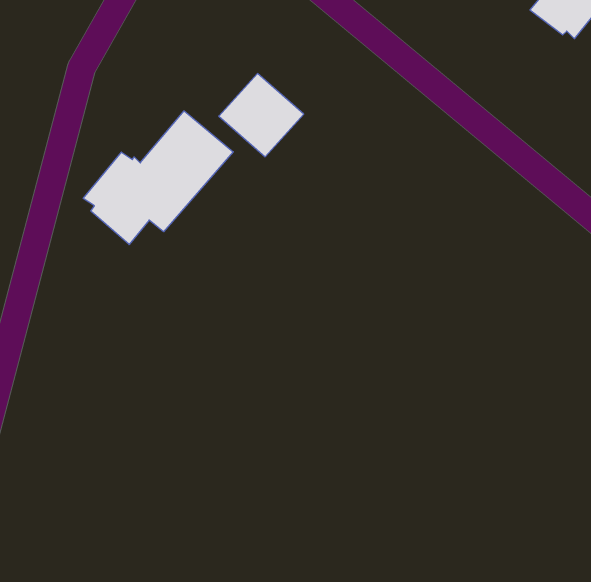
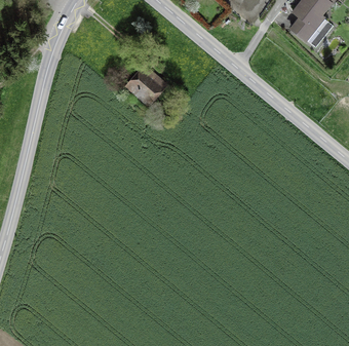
building: [83,111,233,245] -> none

